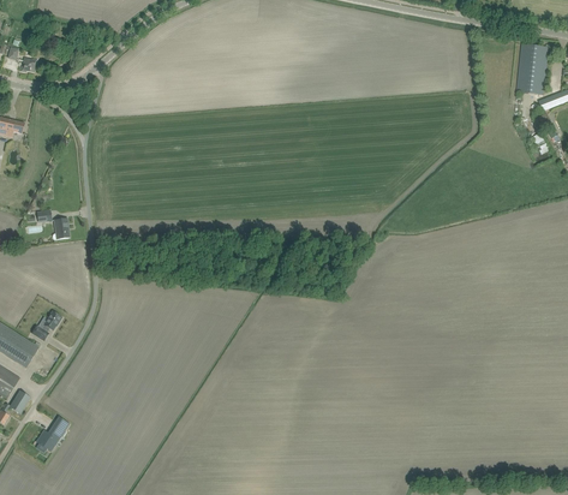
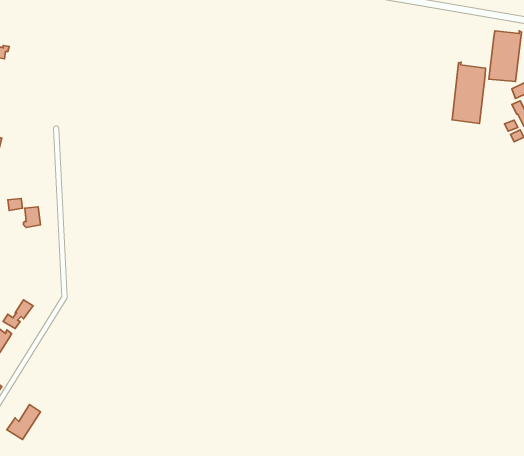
building: none -> [452,62,485,124]

